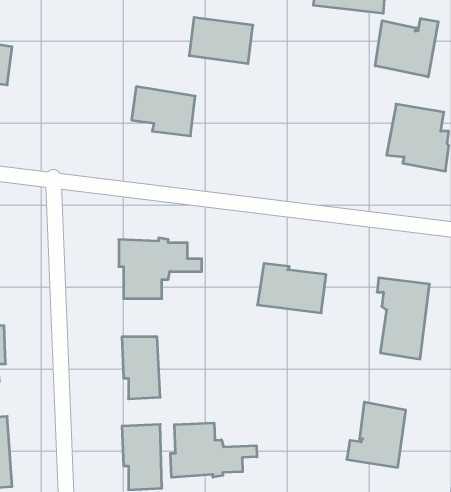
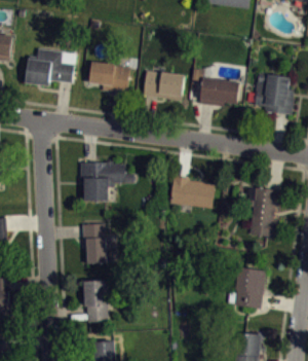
building: [189,17,253,64] -> [143,72,184,102]
building: [375,18,438,77] -> none
building: none -> [25,48,77,88]
building: none -> [199,79,239,108]
building: [171,423,257,477] -> none

